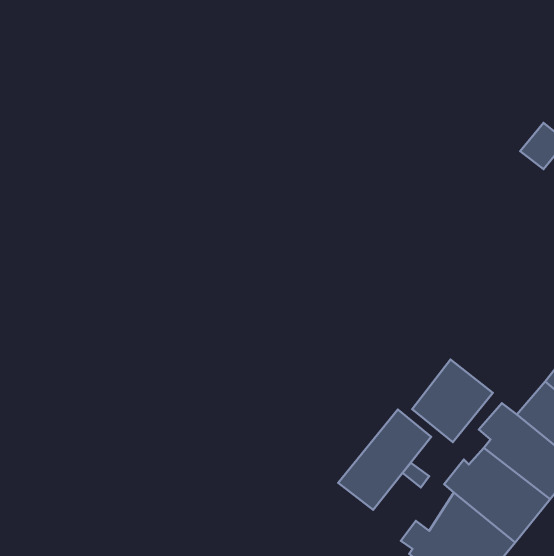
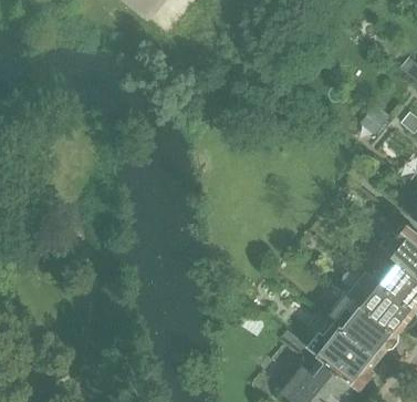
building: [412,360,493,442] -> none
building: [338,409,431,510] -> none

